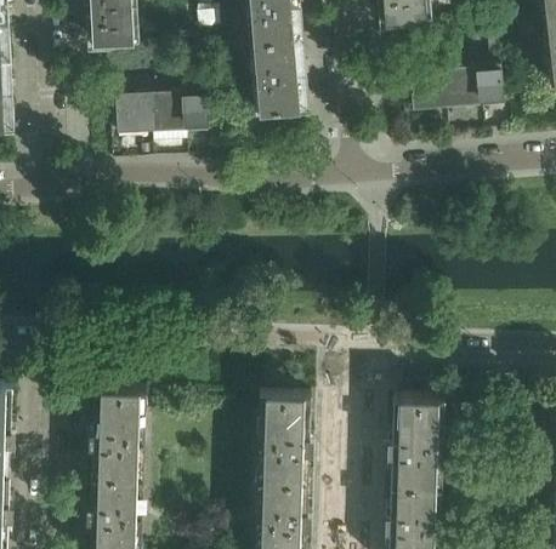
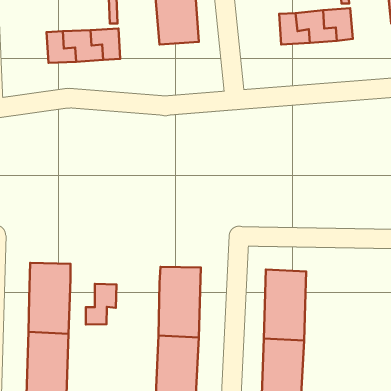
building: none -> [86,284,116,325]

